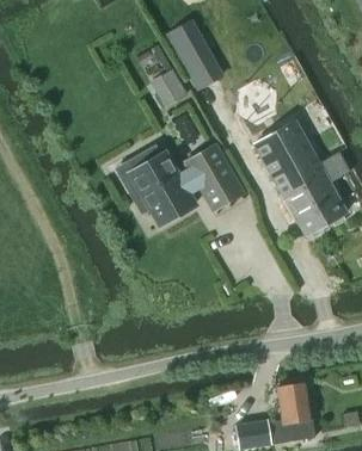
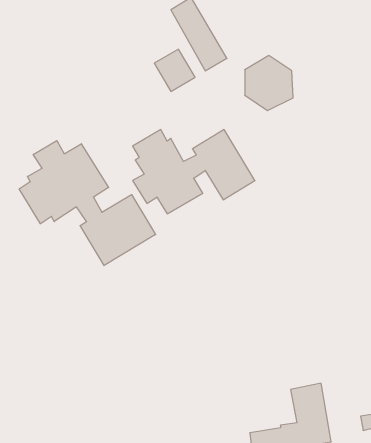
building: [253,121,348,235] -> none
building: none -> [19,141,156,266]

